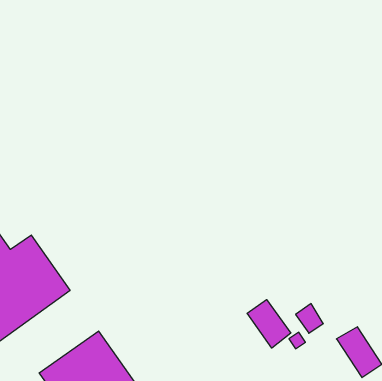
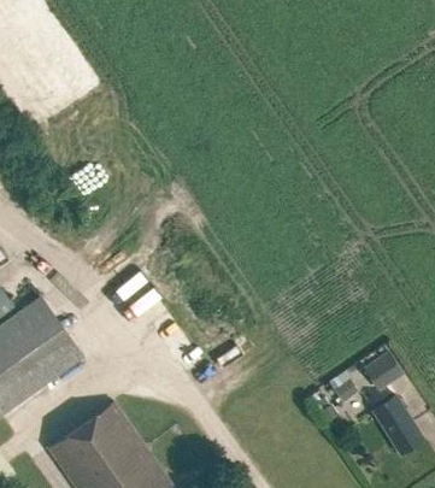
building: none -> [360,349,401,389]
building: [247,300,291,348] -> none

